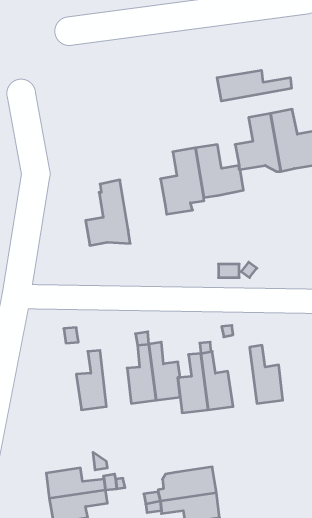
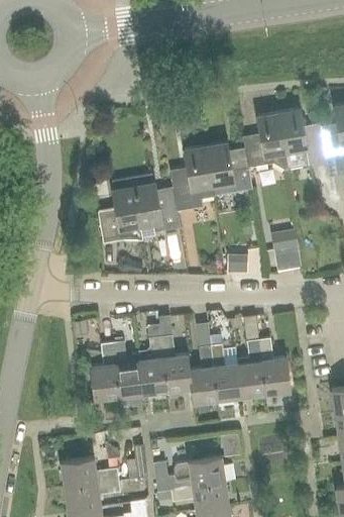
building: [217,70,291,101] -> none
building: none -> [132,174,181,231]
building: none -> [270,228,302,272]
building: none -> [237,339,265,397]
building: none -> [113,340,143,397]

